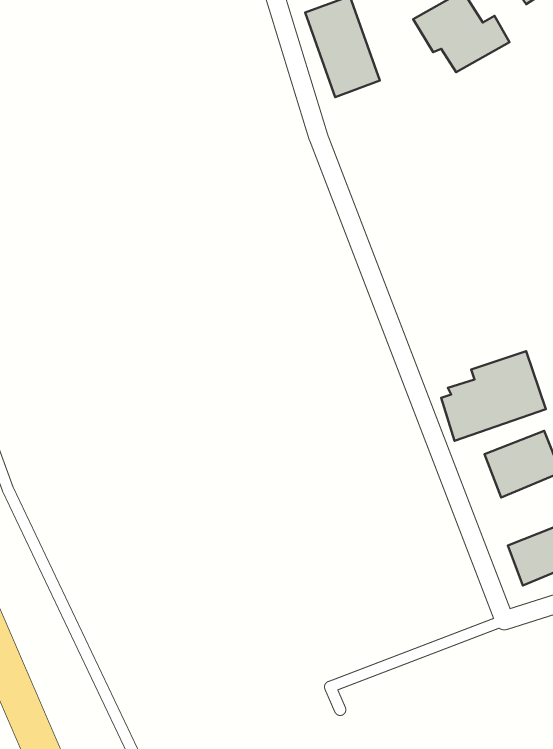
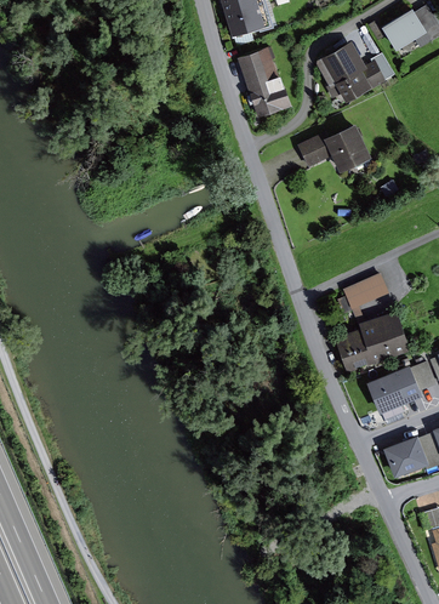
building: none -> [297,121,372,171]
building: none -> [342,273,389,308]

